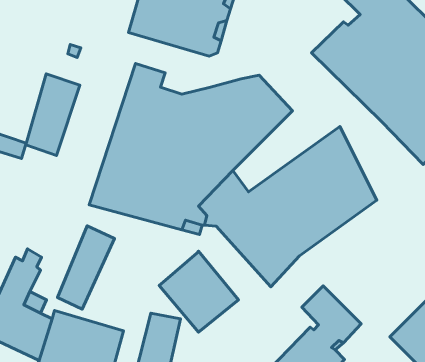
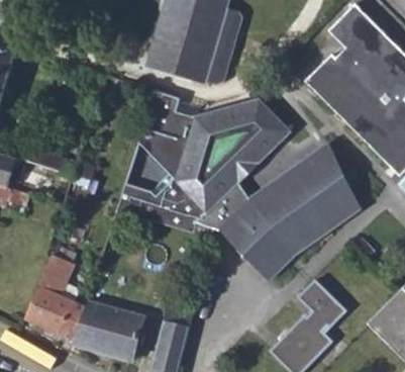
building: [26,74,80,156] -> none
building: [58,226,114,309] -> none
building: [159,251,238,332] -> none

